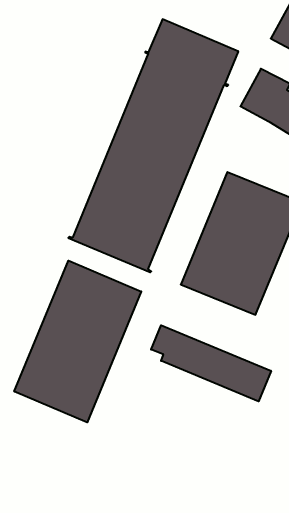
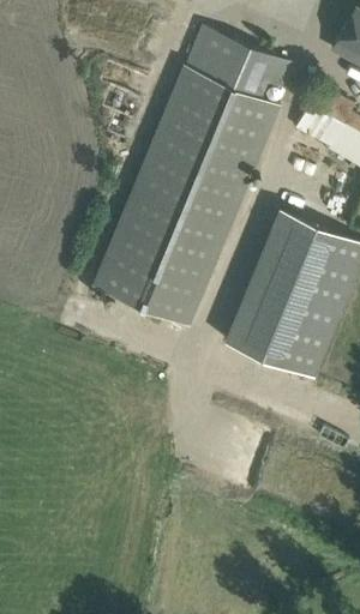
building: [14,261,141,422] -> none
building: [151,325,271,401] -> none

